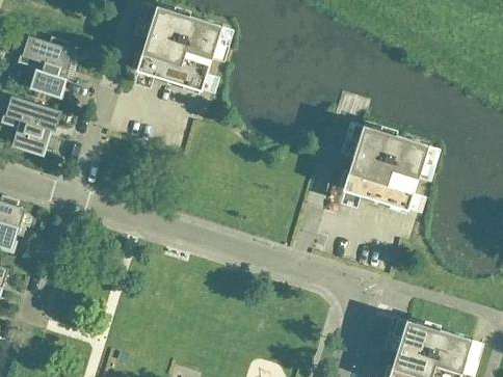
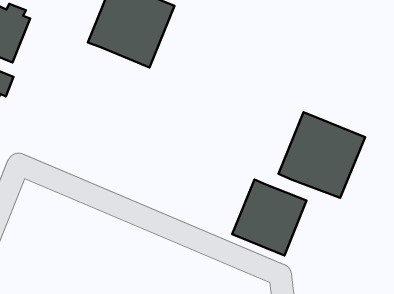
building: none -> [232,179,307,256]

